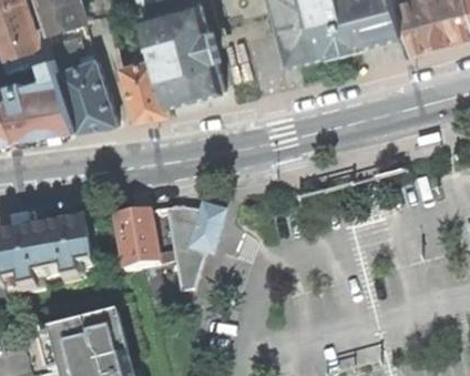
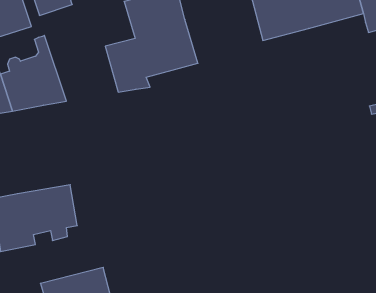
building: [51,37,116,130] -> none
building: [166,202,227,292] -> none
building: [112,213,159,271] -> none

